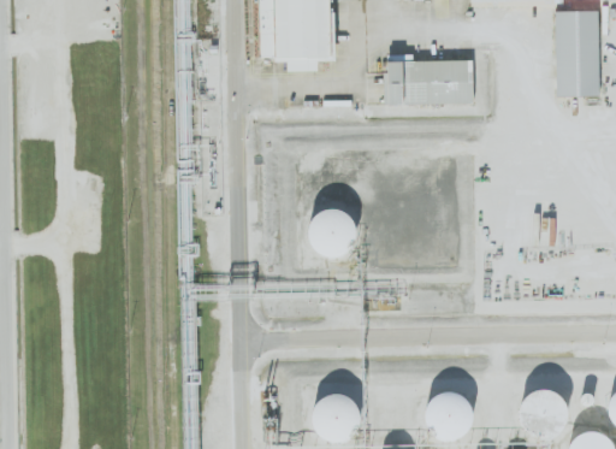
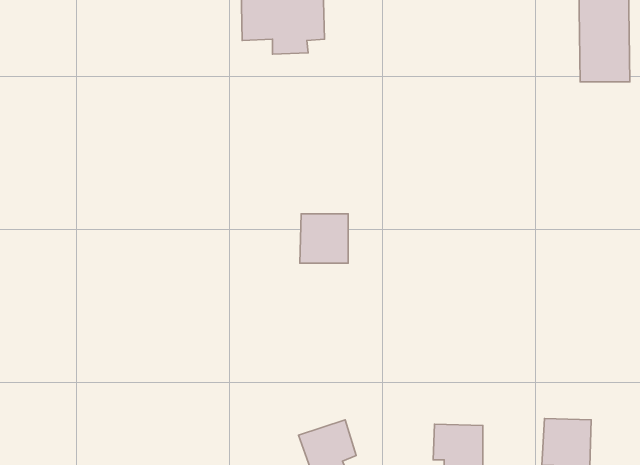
building: [386,53,473,104] -> none

